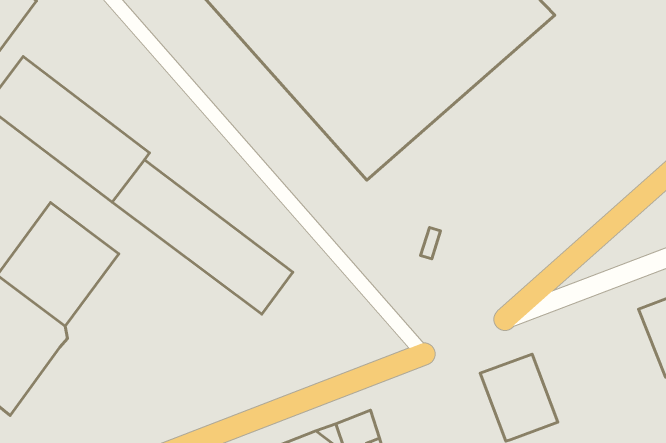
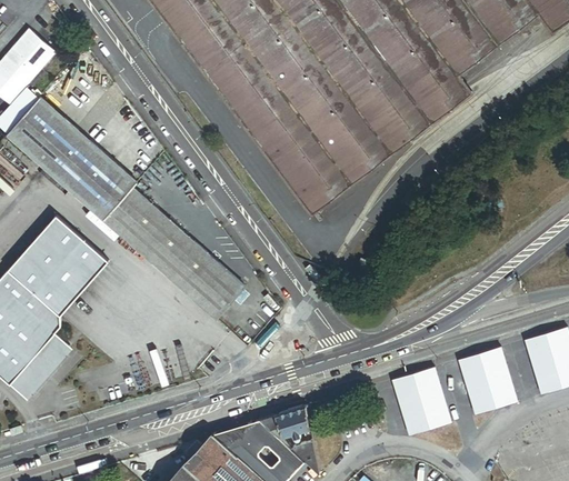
building: none -> [459,345,519,414]
building: none -> [10,333,72,400]

